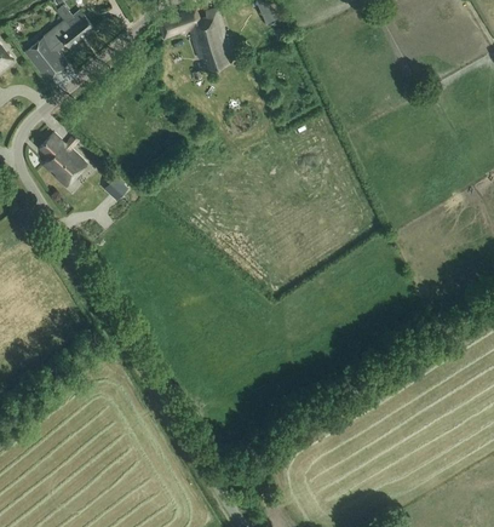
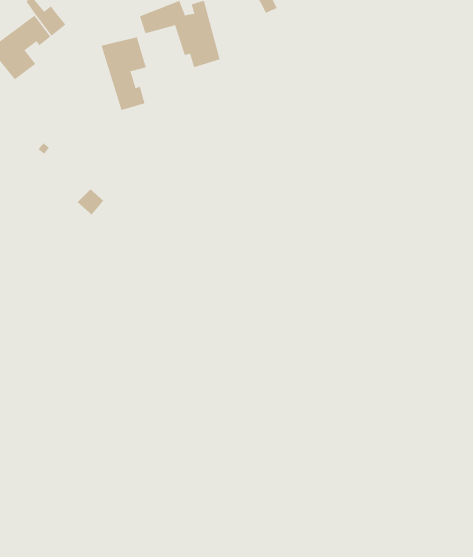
building: none -> [101,37,147,111]
building: [40,133,86,187] -> none

